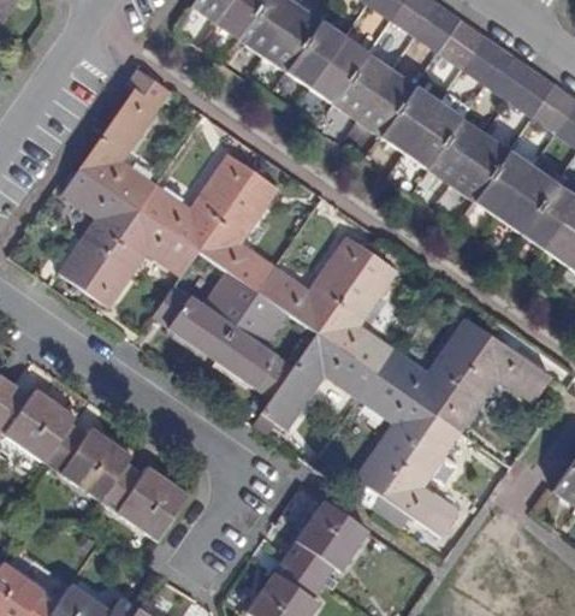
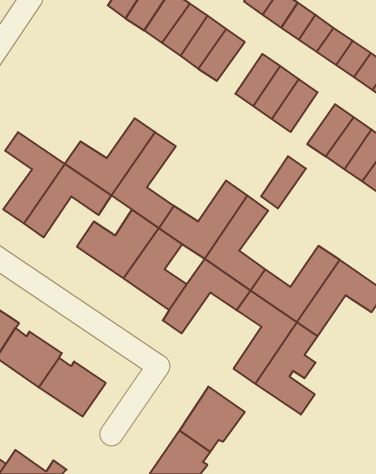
building: [333,54,392,122] -> none
building: [77,89,161,212] -> none
building: [428,119,486,186] -> [261,156,306,208]

